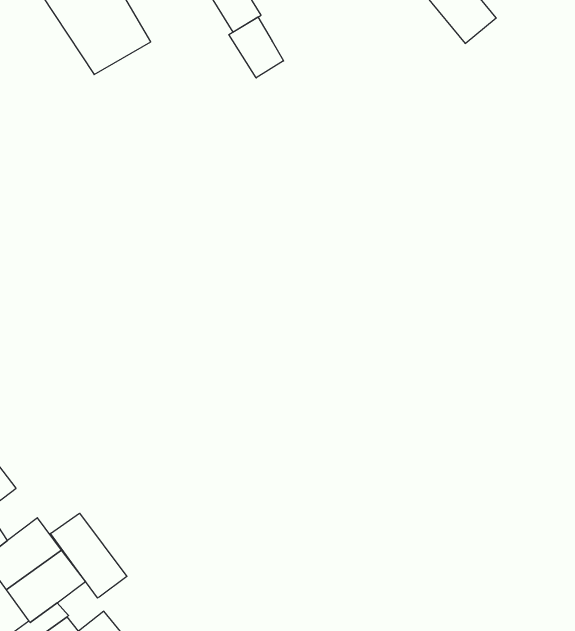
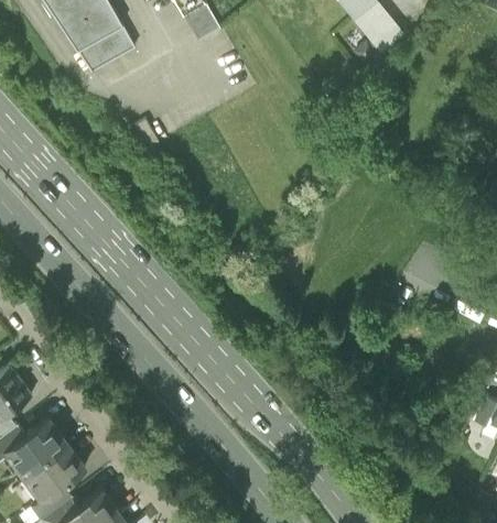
building: [229,17,284,78] -> none
building: [50,513,127,598] -> none

